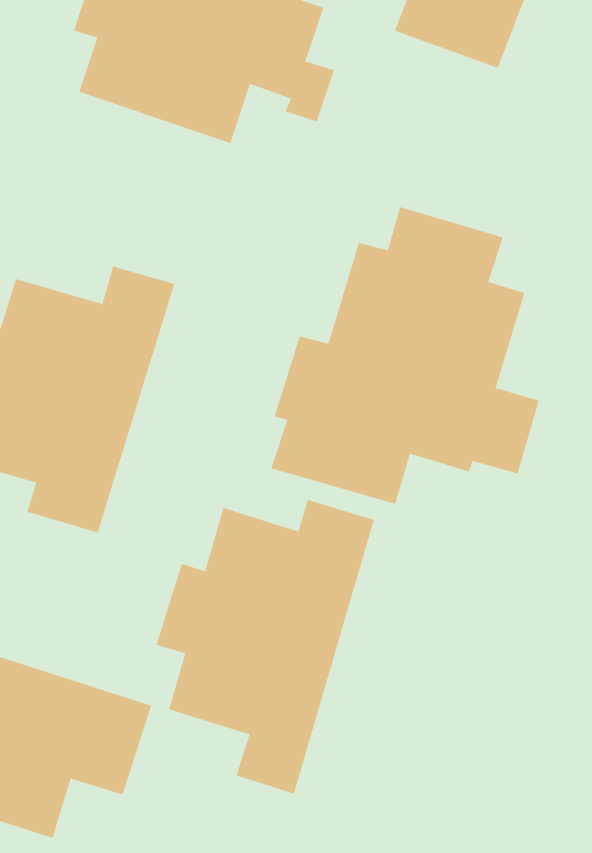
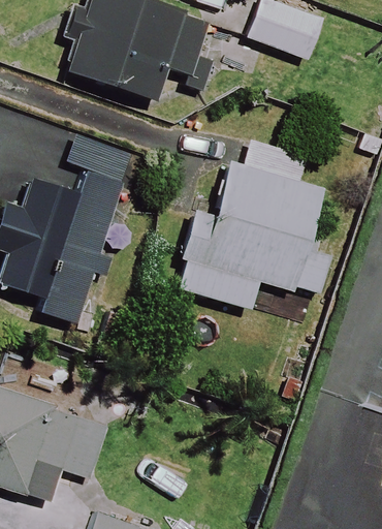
building: [156,499,375,795] -> none

